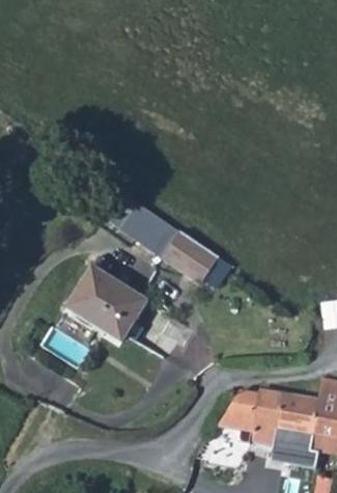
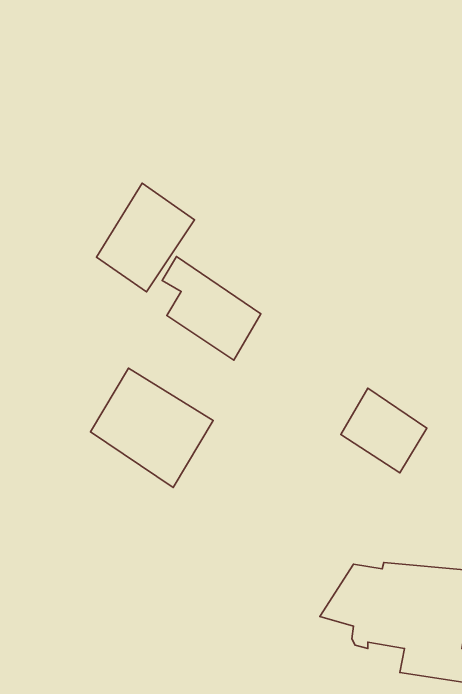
building: none -> [96,183,195,292]
building: [162,229,218,284] -> [341,388,427,473]

